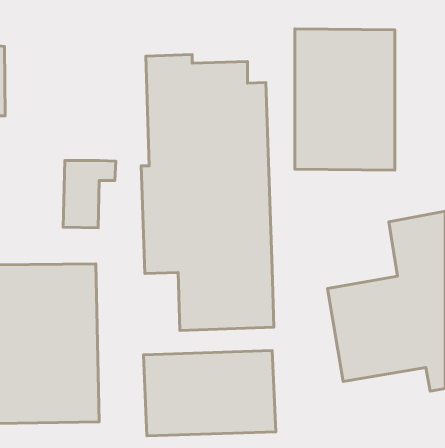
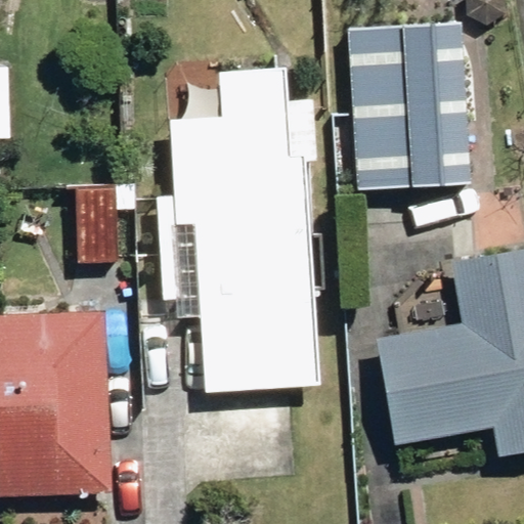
building: [143,351,276,436] -> none

